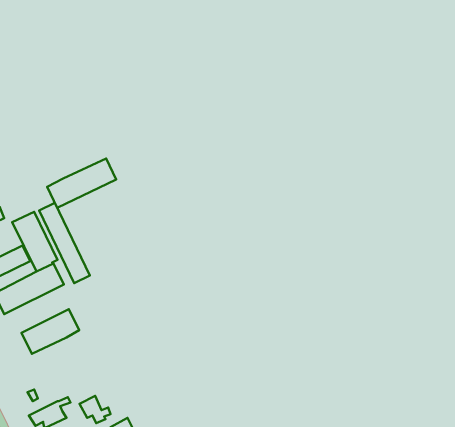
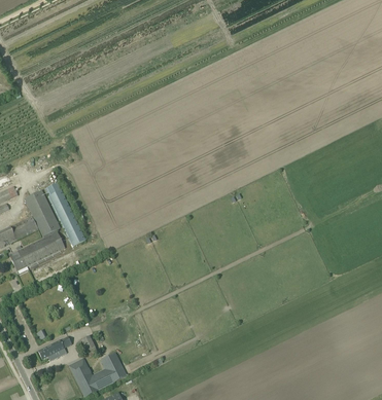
building: [47,158,116,208] -> none
building: [21,309,79,354] -> none

